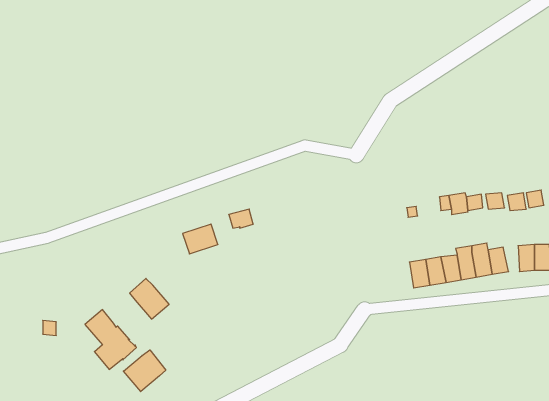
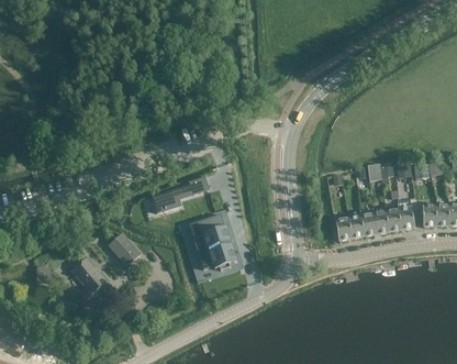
building: none -> [189,213,237,269]
building: [123,350,166,392] -> none

